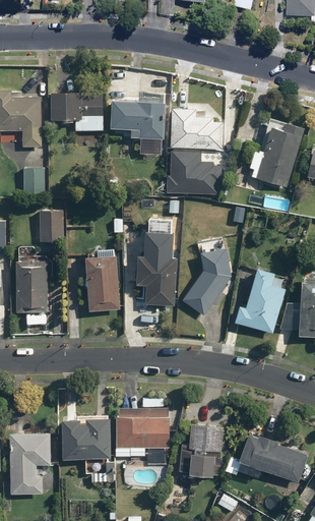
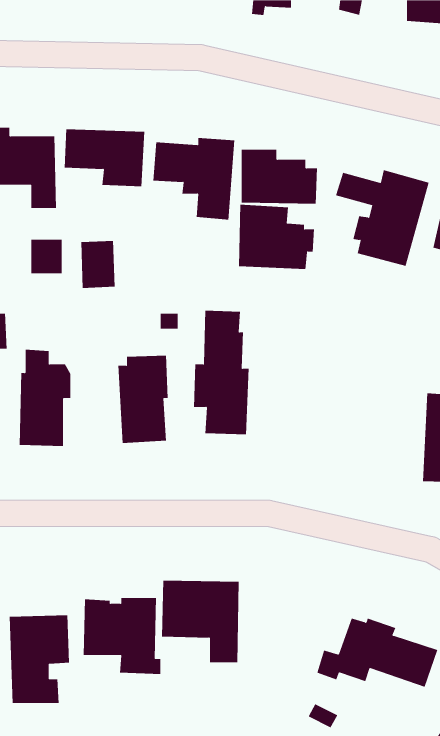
building: [40,209,64,242] -> [81,240,115,288]
building: [182,248,232,314] -> none
building: [234,267,289,333] -> none
building: [180,423,224,477] -> none

